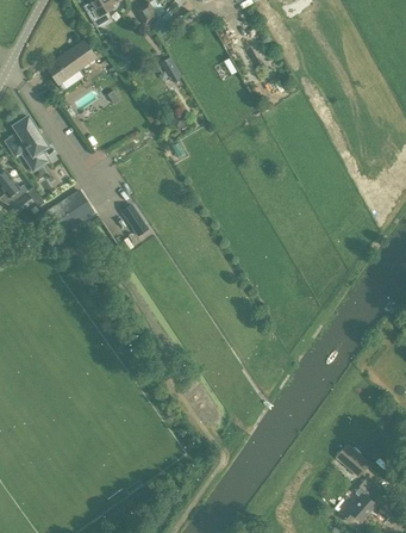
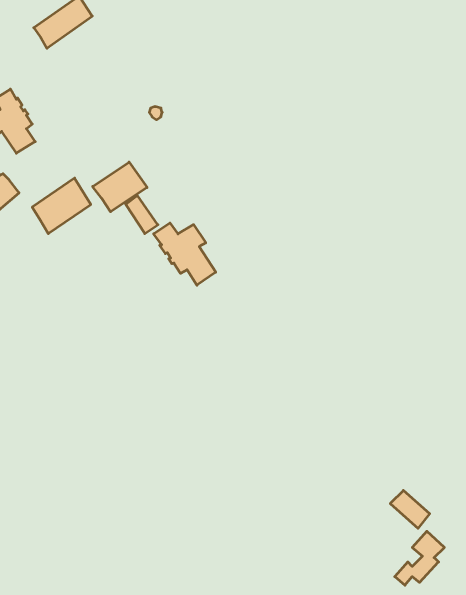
building: none -> [93,162,147,212]
building: none -> [154,223,216,285]

